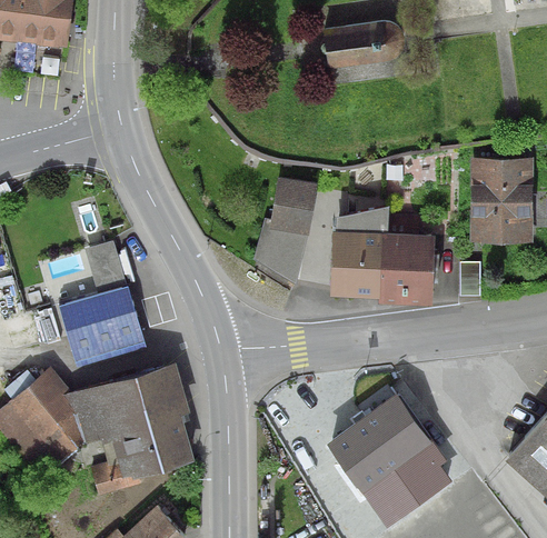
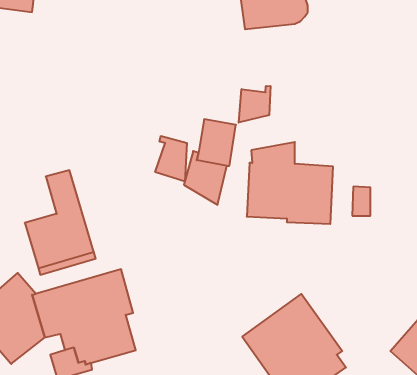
building: none -> [239,86,270,123]
building: [470,157,534,242] -> none
building: none -> [155,136,187,181]

